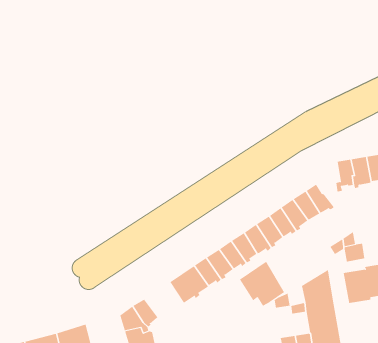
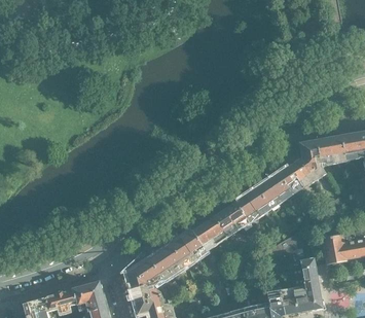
building: none -> [300,142,327,180]
building: [239,261,285,307] -> none
building: none -> [151,247,185,280]

